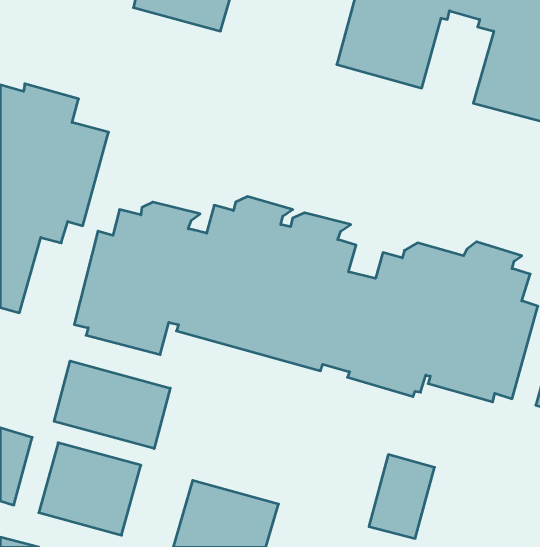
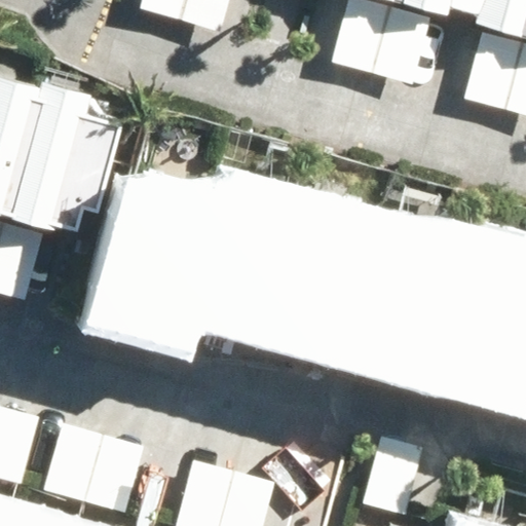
building: [54,361,170,449] -> none

